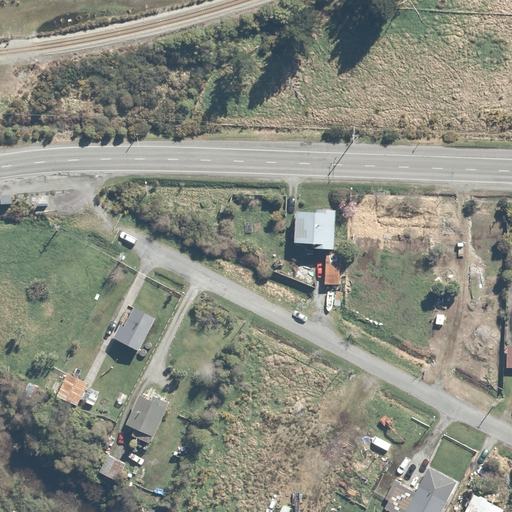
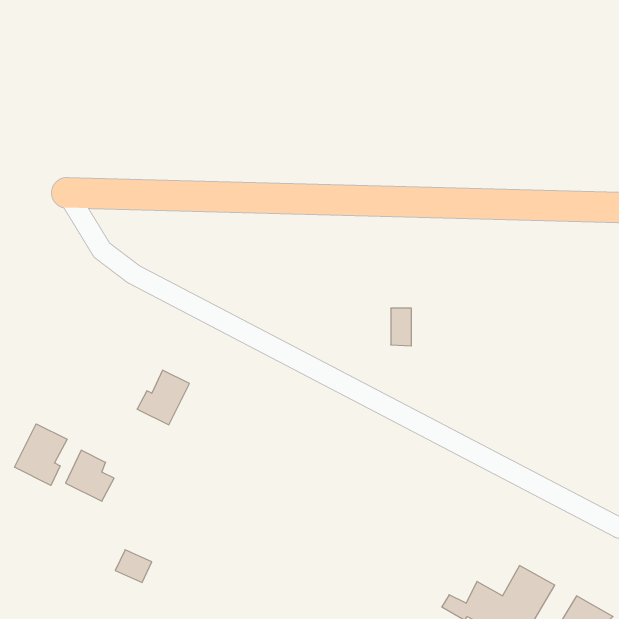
building: [292,212,333,252] -> none
building: none -> [15,424,67,485]
building: [126,389,169,443] -> none

